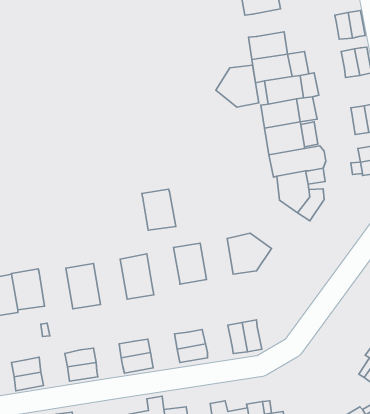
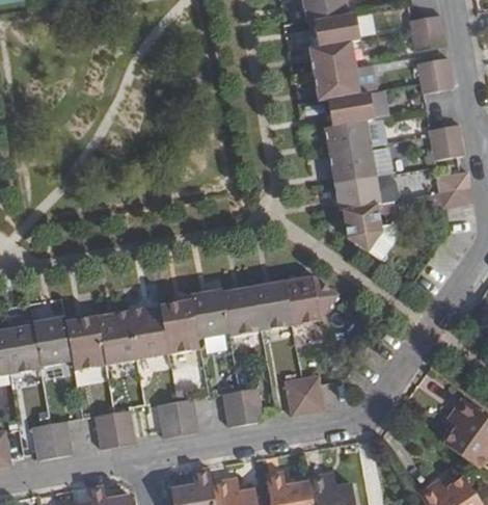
building: none -> [315,12,359,46]
building: [216,65,259,107] -> none
building: [142,189,176,230] -> [190,289,229,337]
building: none -> [253,282,292,329]
building: none -> [129,305,168,358]
building: none -> [65,316,105,369]

